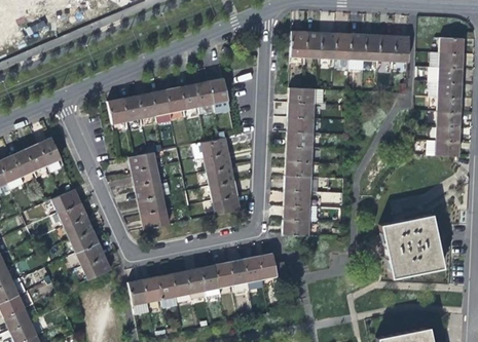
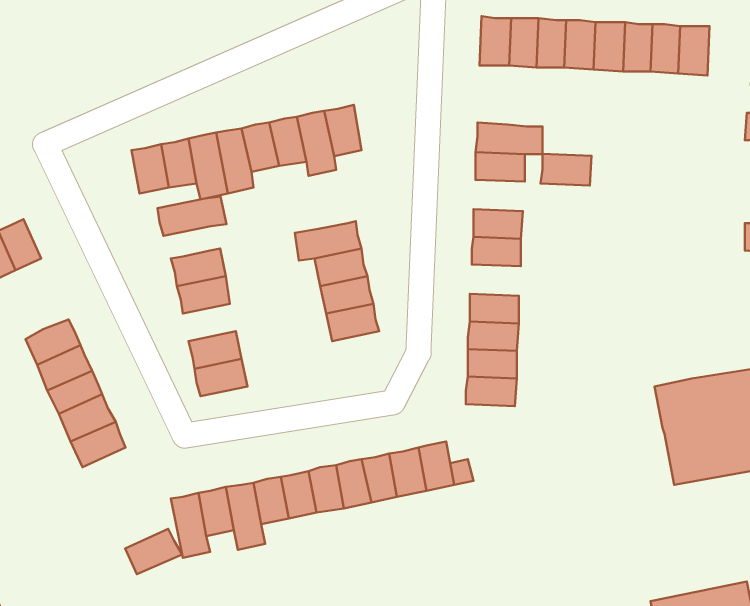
building: [287,117,314,134] -> [541,154,592,185]
building: [285,161,311,178] -> none
building: [135,181,171,201] -> [158,196,226,236]
building: [213,196,241,216] -> none
building: [82,257,112,280] -> [125,529,182,574]

